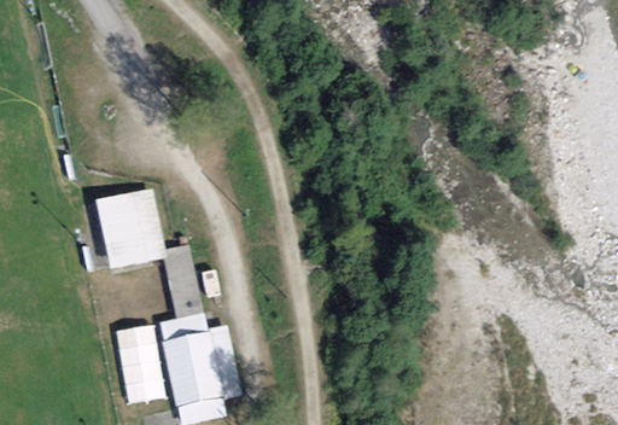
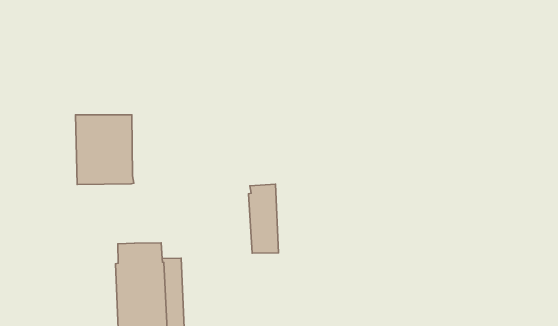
building: [163,244,203,318] -> [249,184,278,253]
building: [116,324,167,403] -> none

